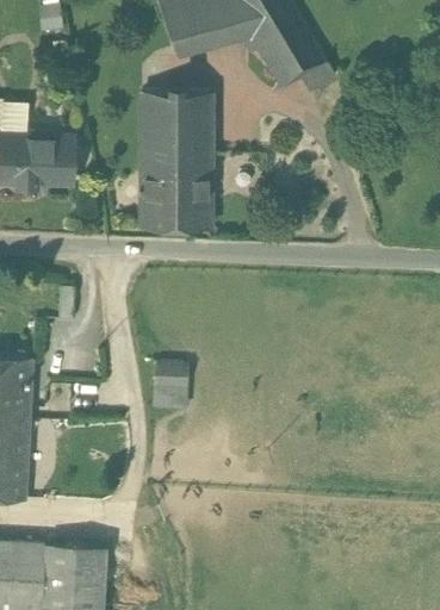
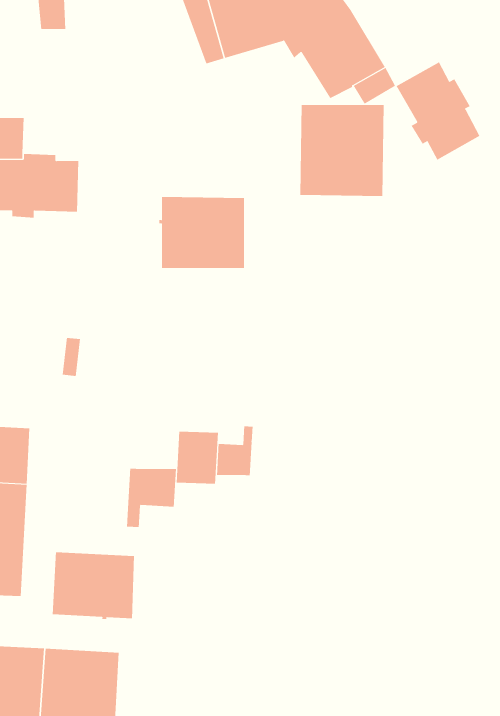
building: none -> [396,61,480,160]
building: [142,94,212,170] -> [300,104,384,197]
building: none -> [216,426,253,476]
building: none -> [126,468,176,528]
building: none -> [52,552,134,620]

